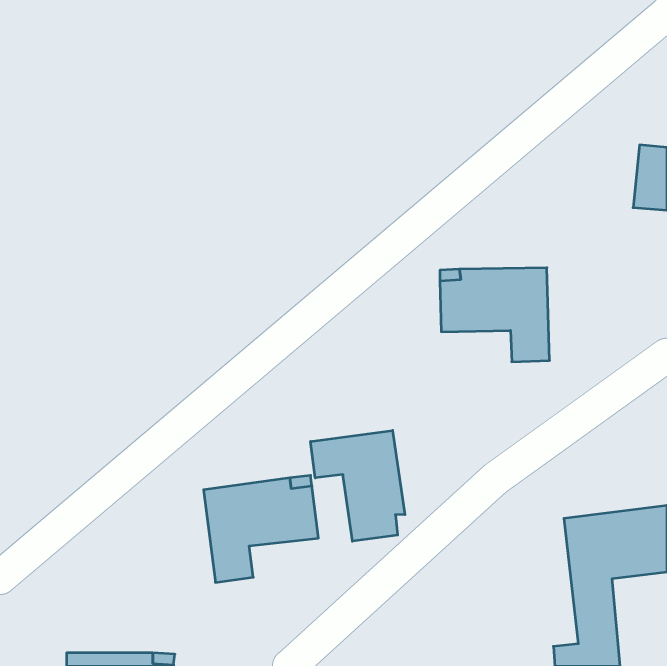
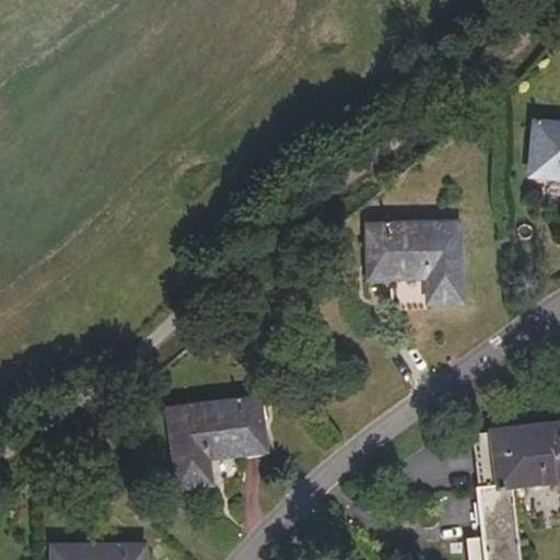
building: [311,430,405,541] -> none

